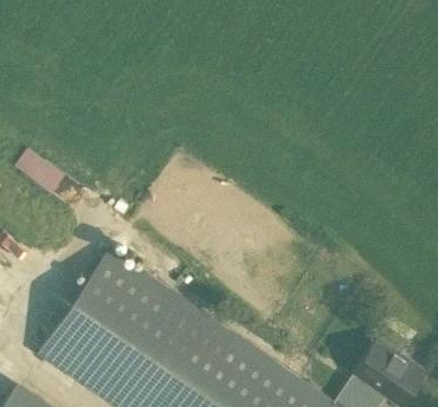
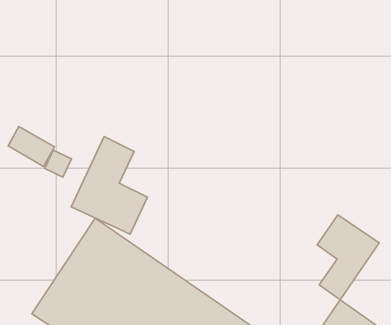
building: none -> [71,137,148,234]
building: none -> [317,215,379,300]

